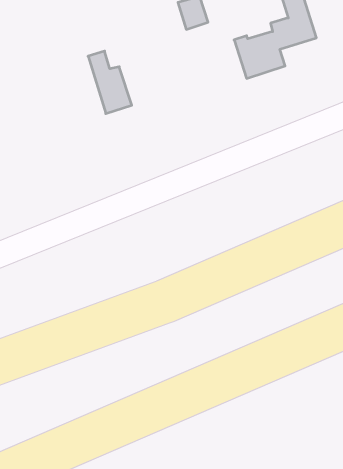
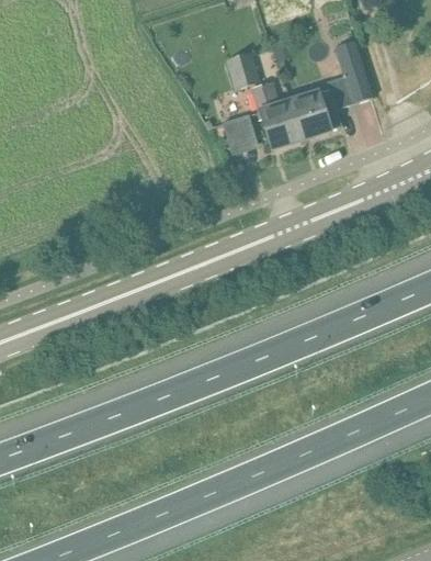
building: [88,51,132,114] -> [252,82,298,148]
building: none -> [219,112,257,153]

